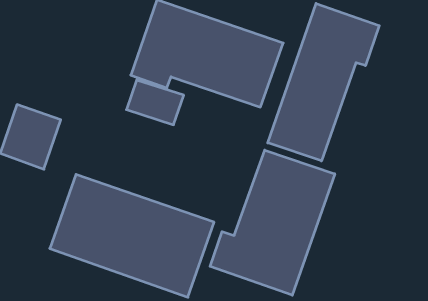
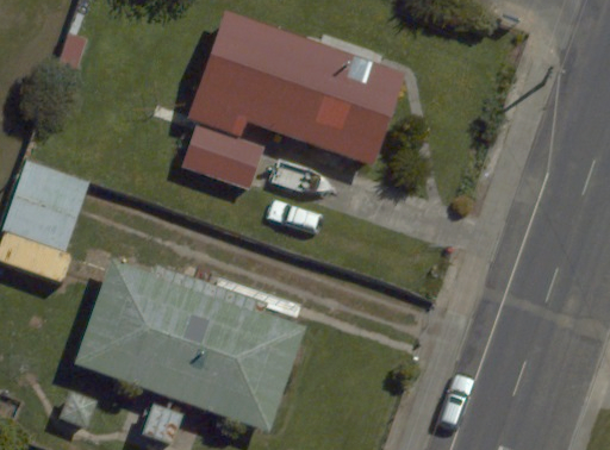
building: [268,3,379,161] -> none
building: [210,150,335,295] -> none

